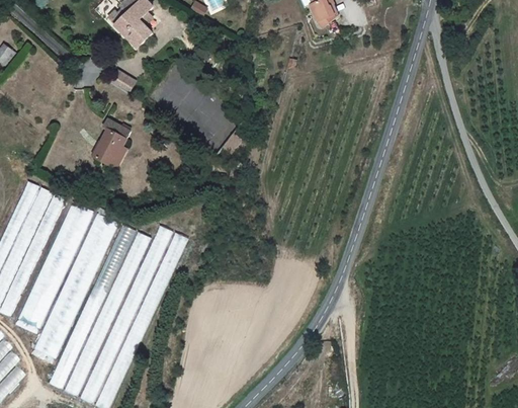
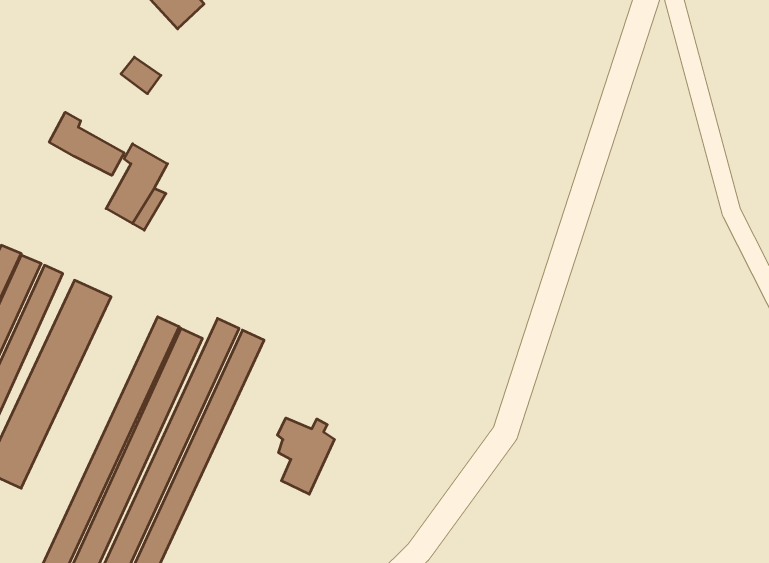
building: none -> [49,112,124,175]
building: [33,214,118,358] -> none
building: none -> [277,418,334,494]

